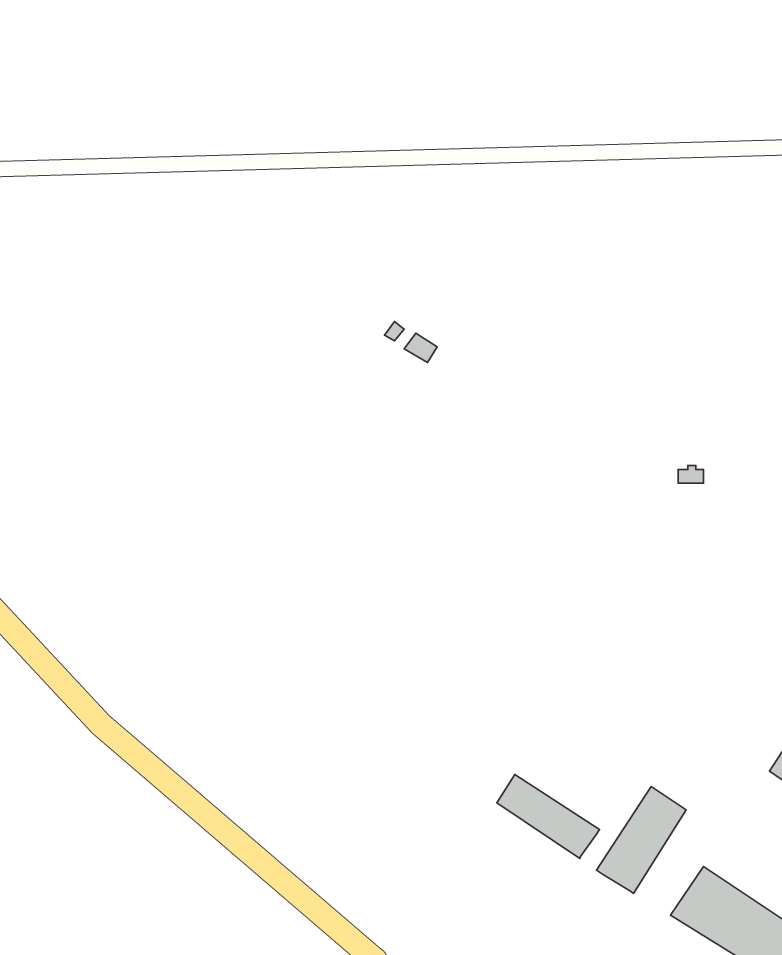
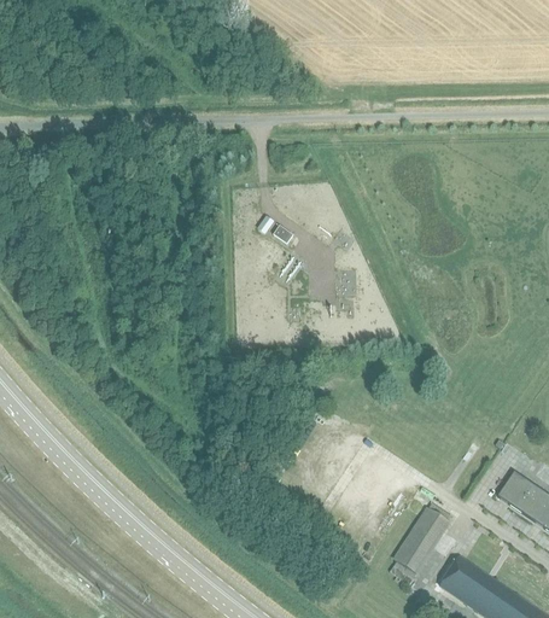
building: [497,774,600,858] -> none

